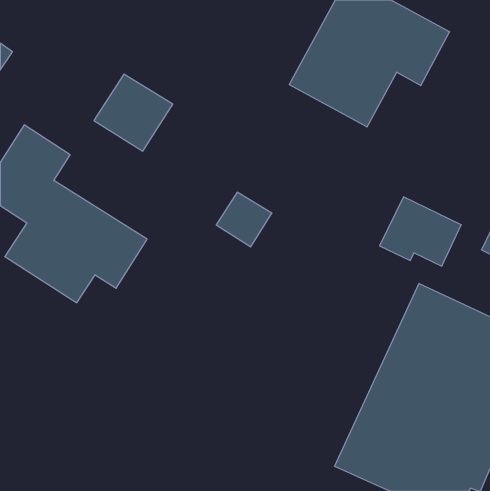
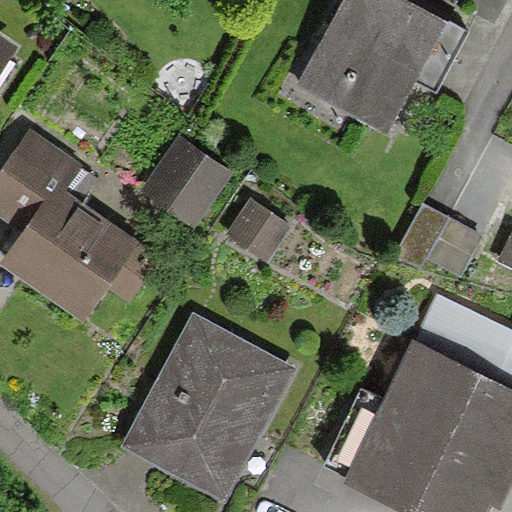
building: [94,74,173,151] -> [141,137,223,217]
building: none -> [123,315,287,495]

